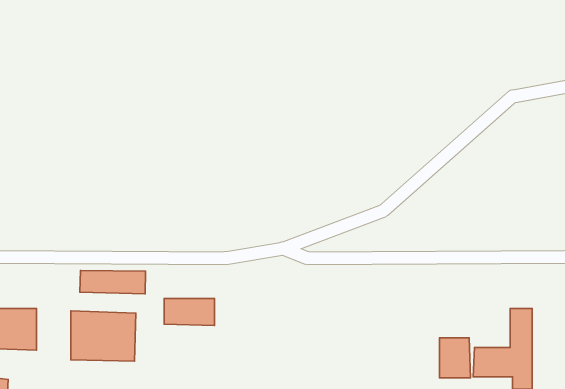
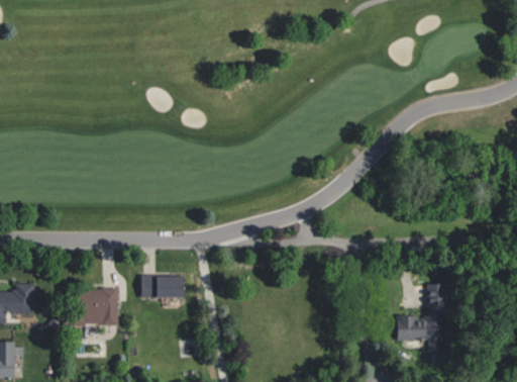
building: [80,271,146,294] -> none
building: [440,338,471,378] -> none

